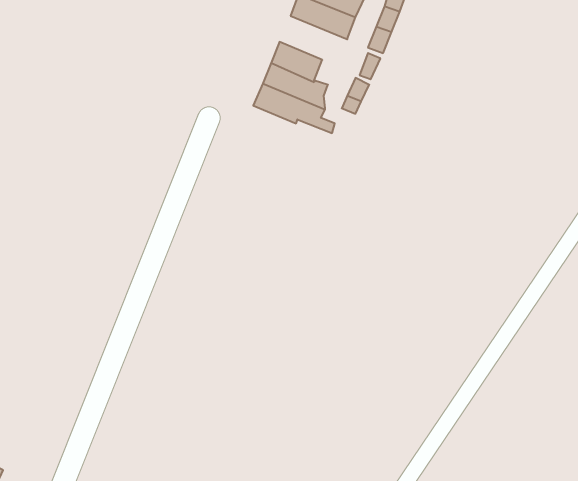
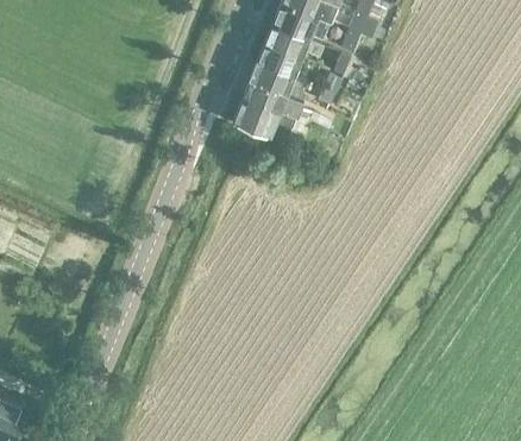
building: none -> [263,25,322,58]
building: none -> [232,97,308,137]

